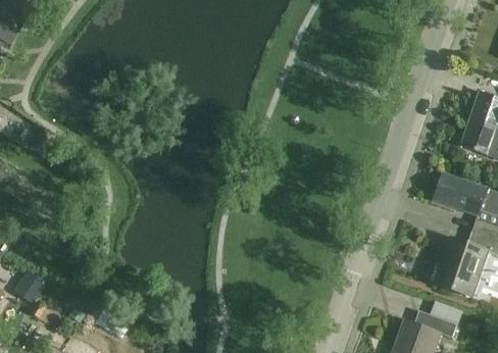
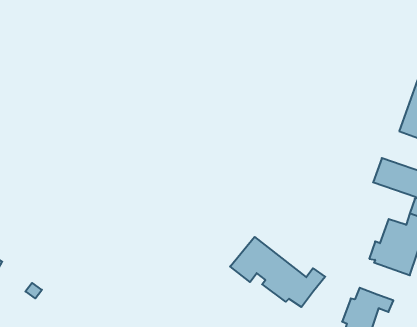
building: none -> [230,237,325,307]

